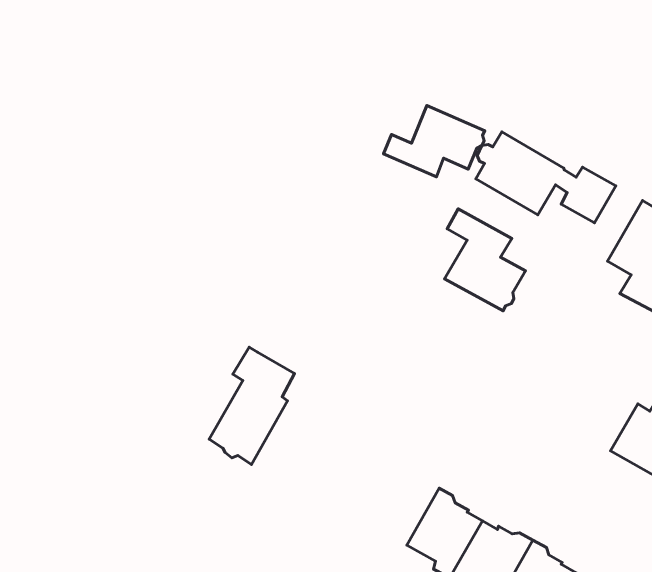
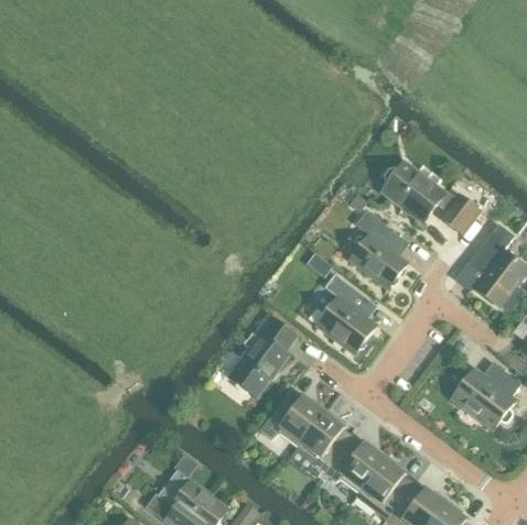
building: [383,106,485,177] -> none
building: none -> [316,274,377,354]
building: [209,347,295,464] -> [229,314,297,397]
building: none -> [259,389,325,446]

